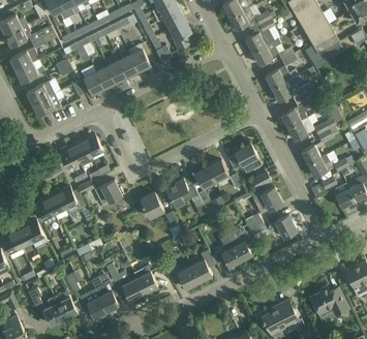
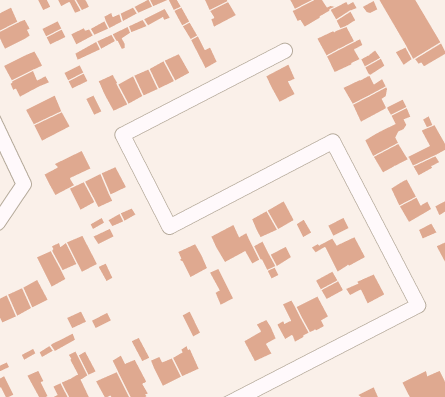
building: [167,21,190,50] -> [265,64,296,102]
building: none -> [44,150,91,196]
building: [227,144,262,168] -> none
building: [94,180,122,205] -> none
building: [167,266,198,288] -> none

